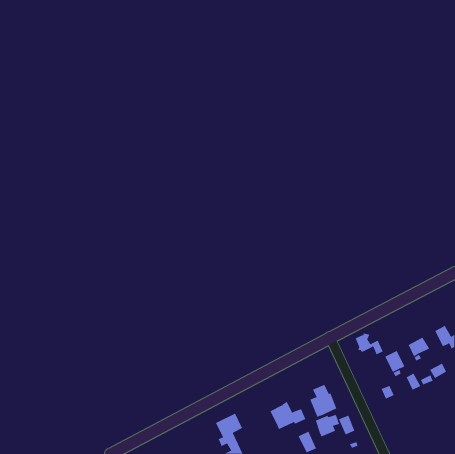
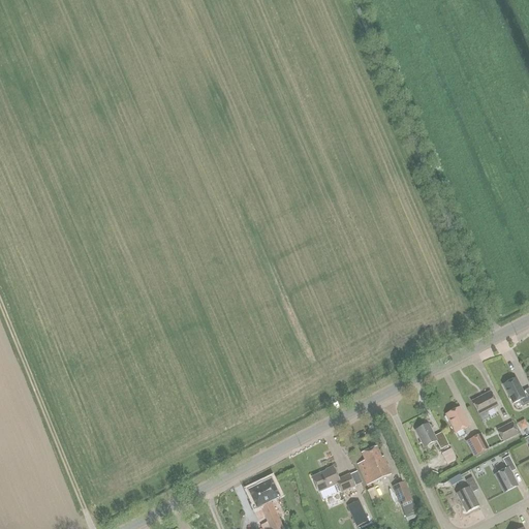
building: [355,333,383,355] -> [415,422,448,447]
building: none -> [495,454,517,490]
building: none -> [456,475,478,510]
building: [315,414,340,437] -> none

